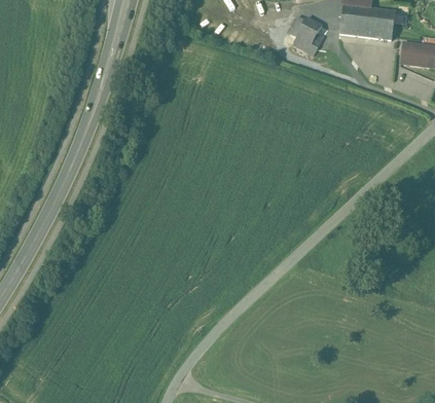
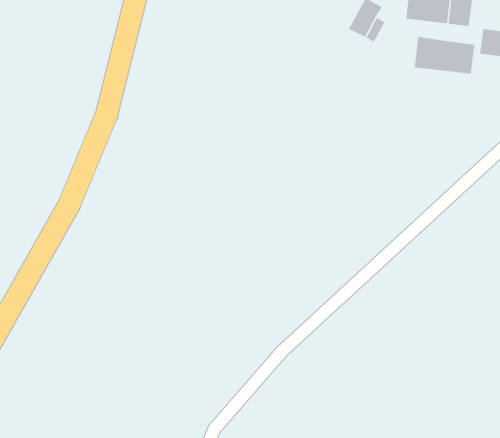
building: none -> [414,36,475,75]

